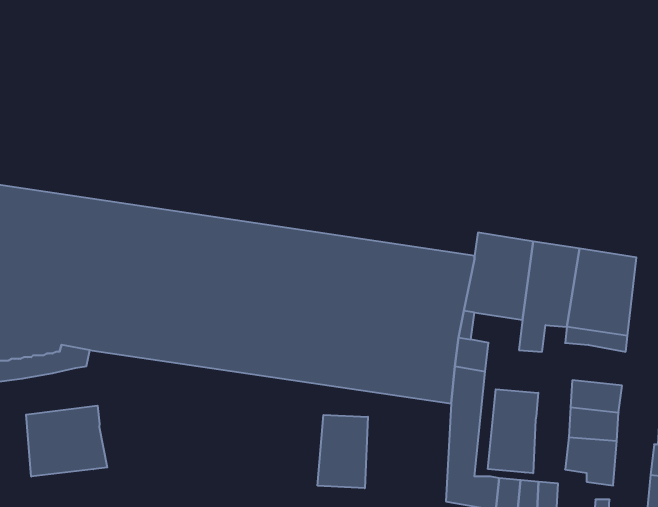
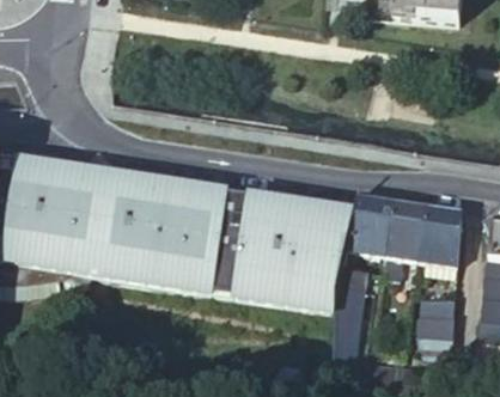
building: [488,389,538,473] -> none
building: [26,406,107,477] -> none
building: [318,415,368,488] -> none

